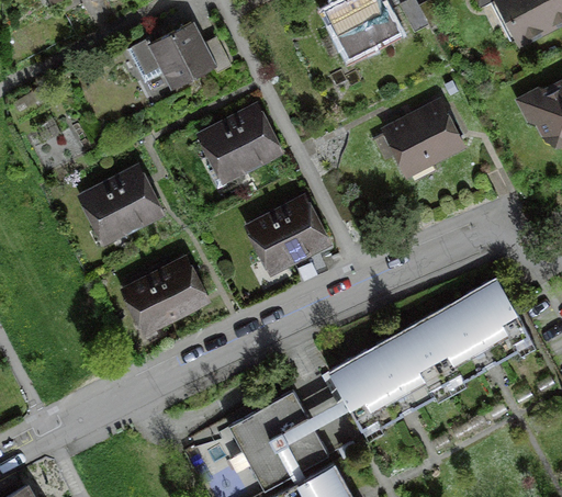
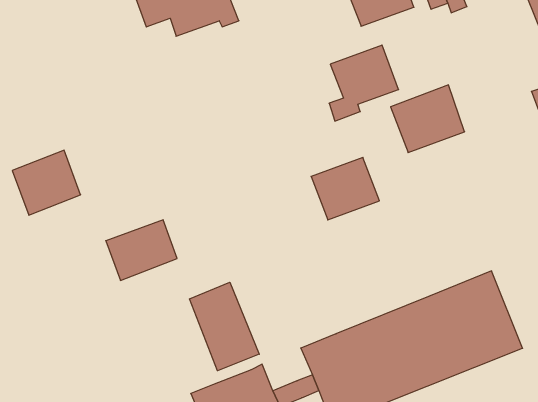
building: [204,110,272,188] -> [329,45,399,121]
building: [86,171,154,237] -> [12,150,81,215]
building: [252,202,321,266] -> [311,157,379,220]
building: none -> [190,282,259,371]

